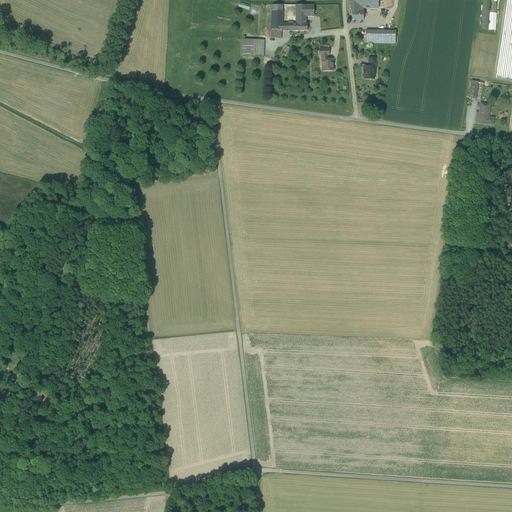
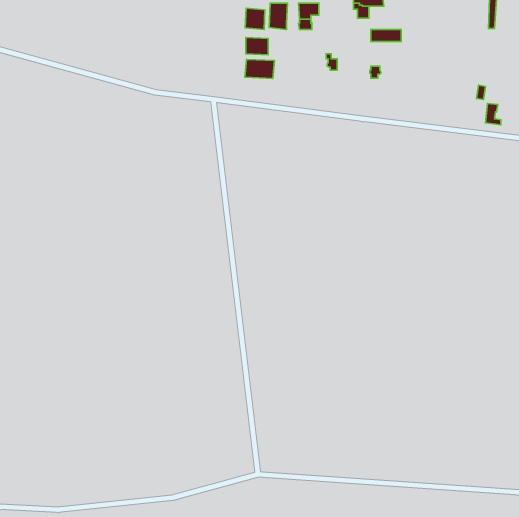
building: none -> [245,8,265,29]
building: none -> [245,59,275,79]

